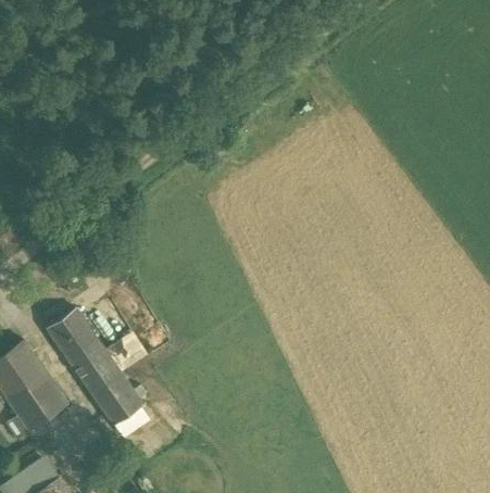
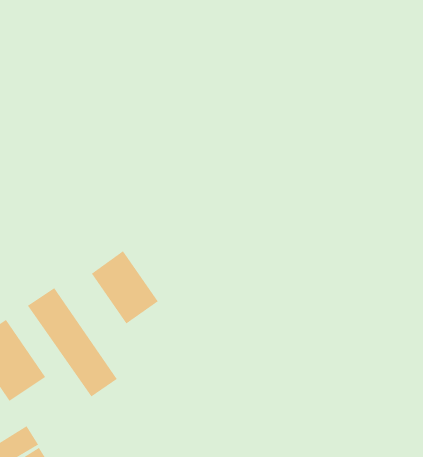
building: none -> [91,250,159,325]

